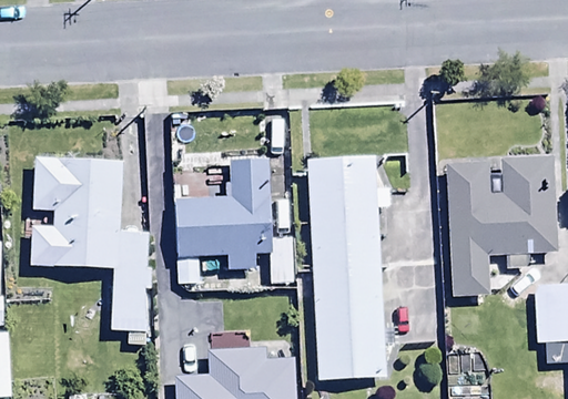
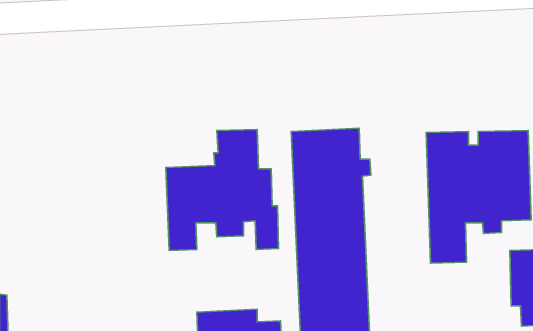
building: [31,158,152,331] -> none

